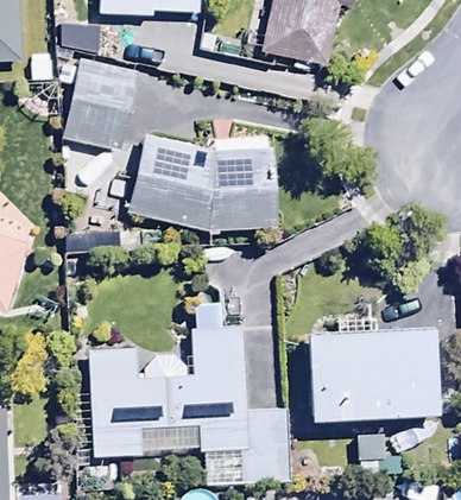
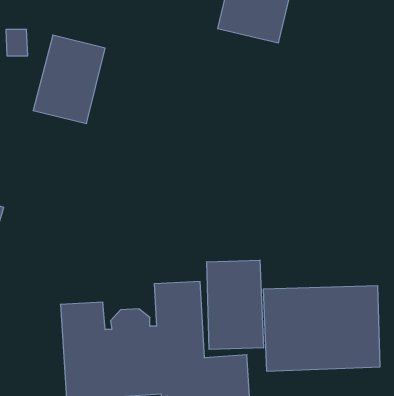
building: [128,134,279,234] -> none
building: none -> [207,260,263,349]

